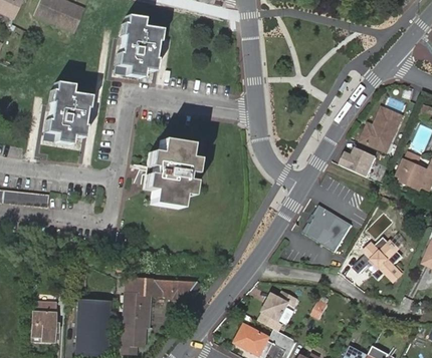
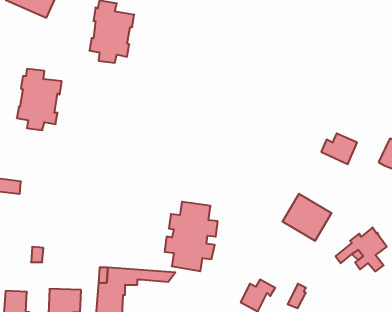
building: [363,106,405,148] -> none
building: [142,140,194,209] -> [165,202,218,271]

